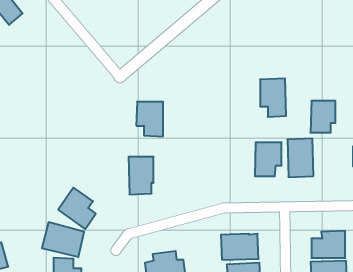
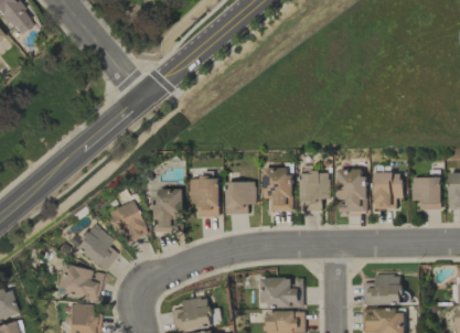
building: [260,78,286,117] -> [263,166,292,211]
building: [310,101,335,133] -> [373,172,402,208]
building: [136,102,163,136] -> [189,176,220,216]
building: none -> [226,181,257,214]
building: none -> [106,201,147,243]

